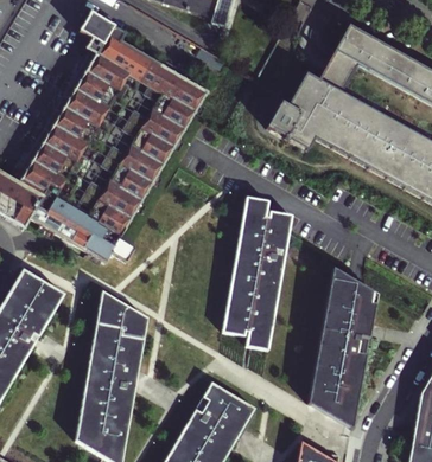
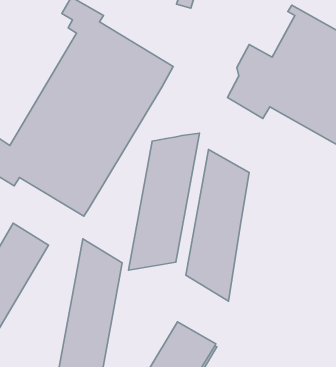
building: none -> [128,133,199,270]
building: [309,268,379,428] -> none

